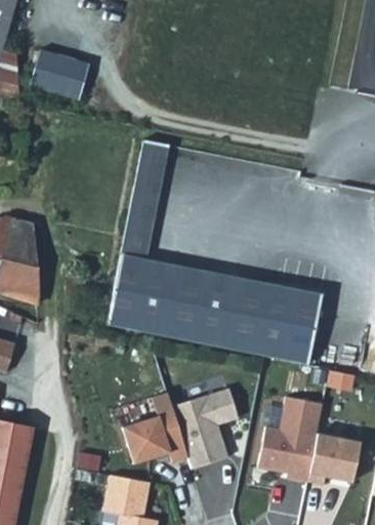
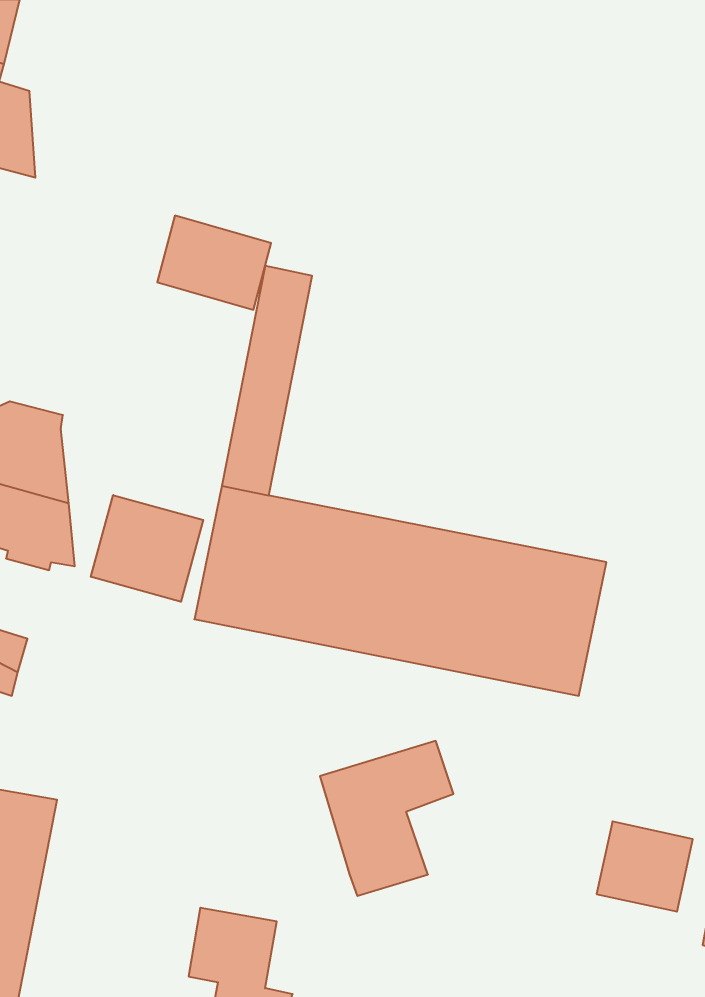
building: [31,53,90,103] -> [157,216,271,310]
building: none -> [91,495,203,602]
building: [121,395,186,466] -> none
building: [256,399,321,484] -> none

